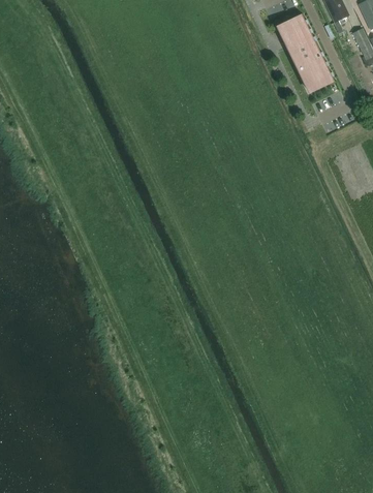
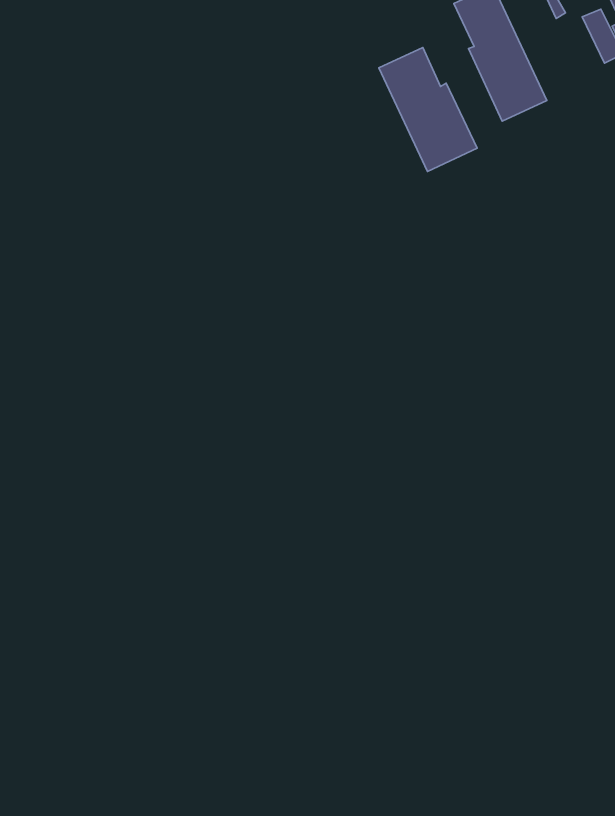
building: none -> [379,47,477,172]

